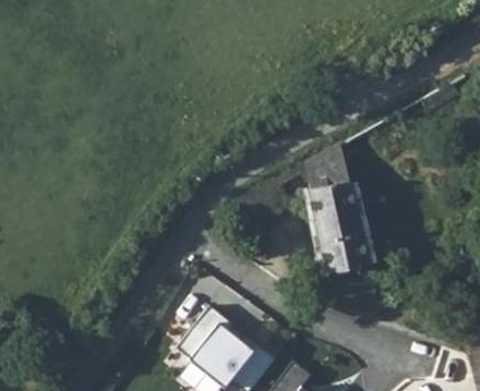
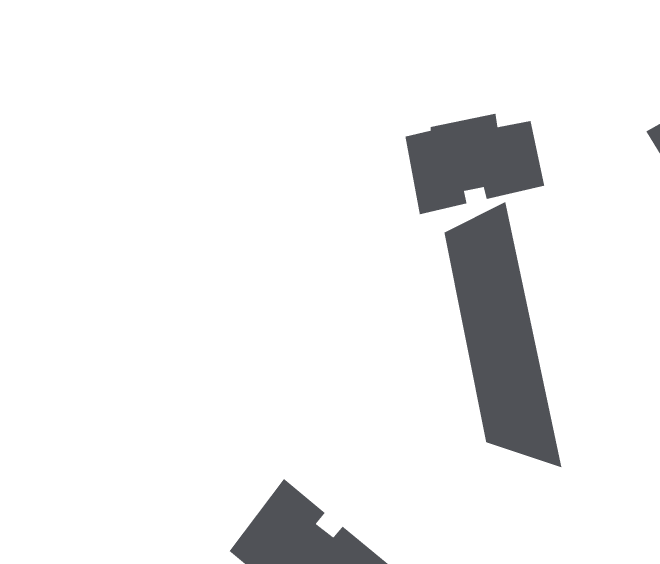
building: none -> [405,113,545,215]

